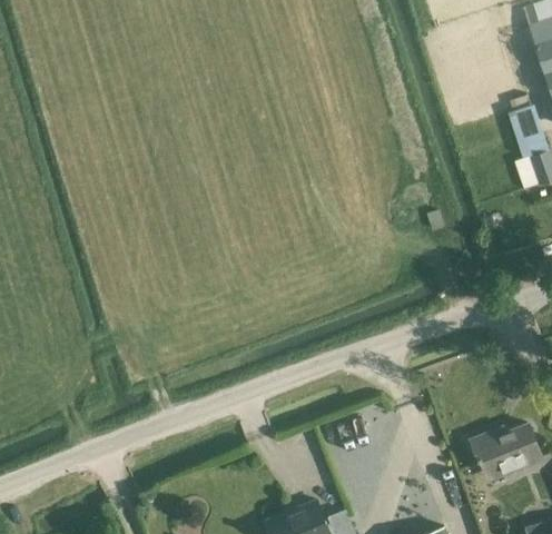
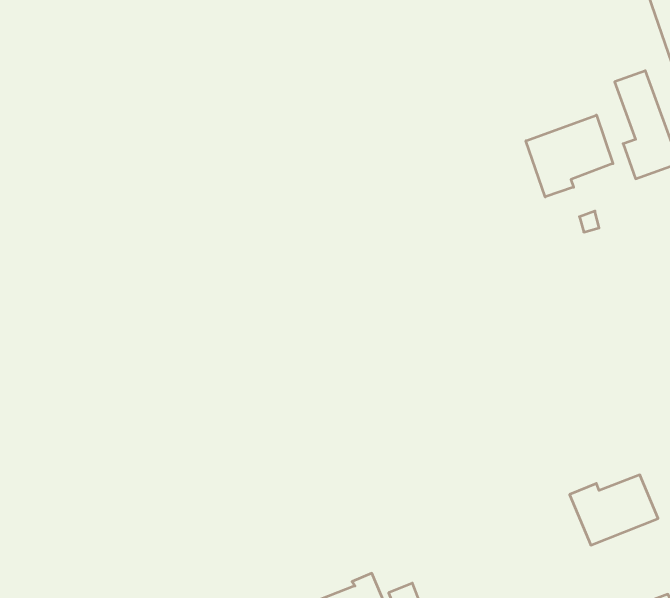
building: none -> [526,115,613,197]

